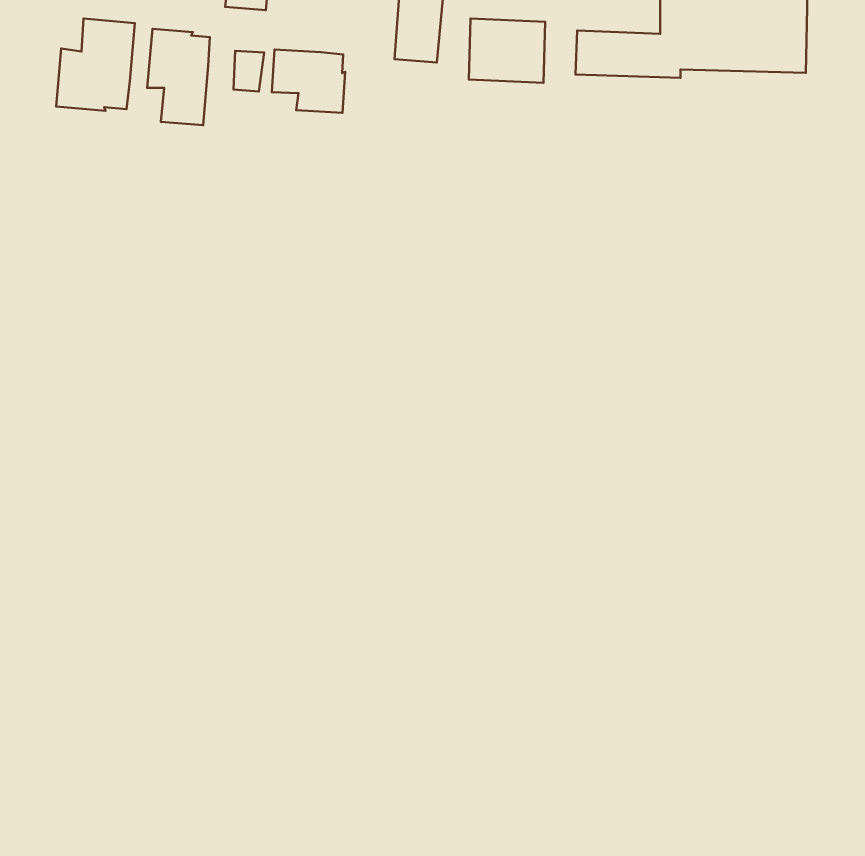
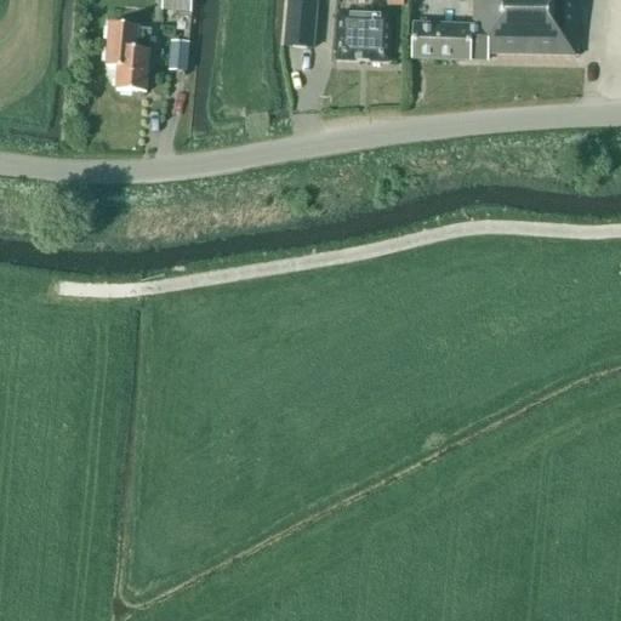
building: [56,18,135,111] -> none
building: [272,50,345,113] -> none

